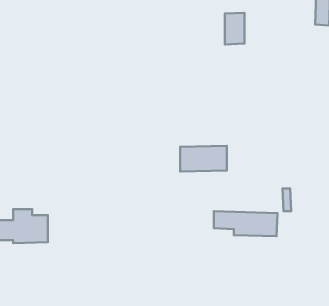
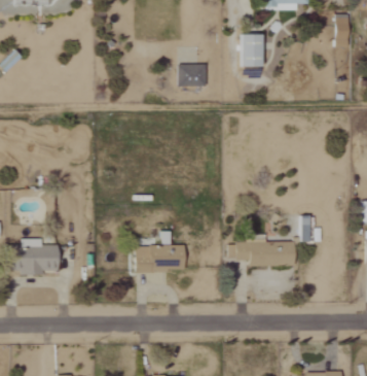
building: none -> [178,65,207,87]
building: [180,146,227,172] -> [136,244,184,271]

